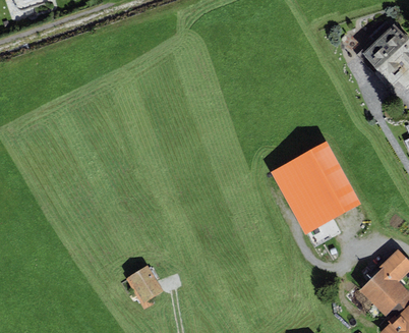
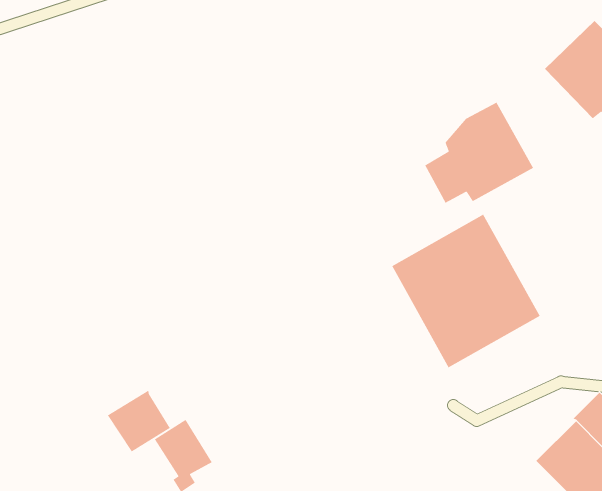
building: none -> [424,101,534,204]
building: none -> [107,389,171,452]

